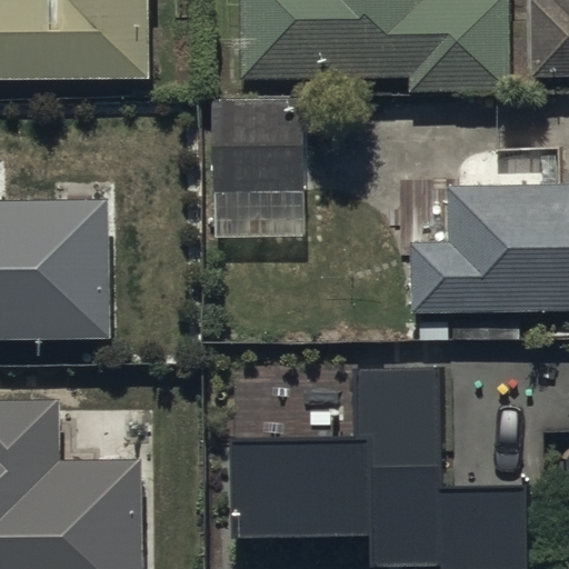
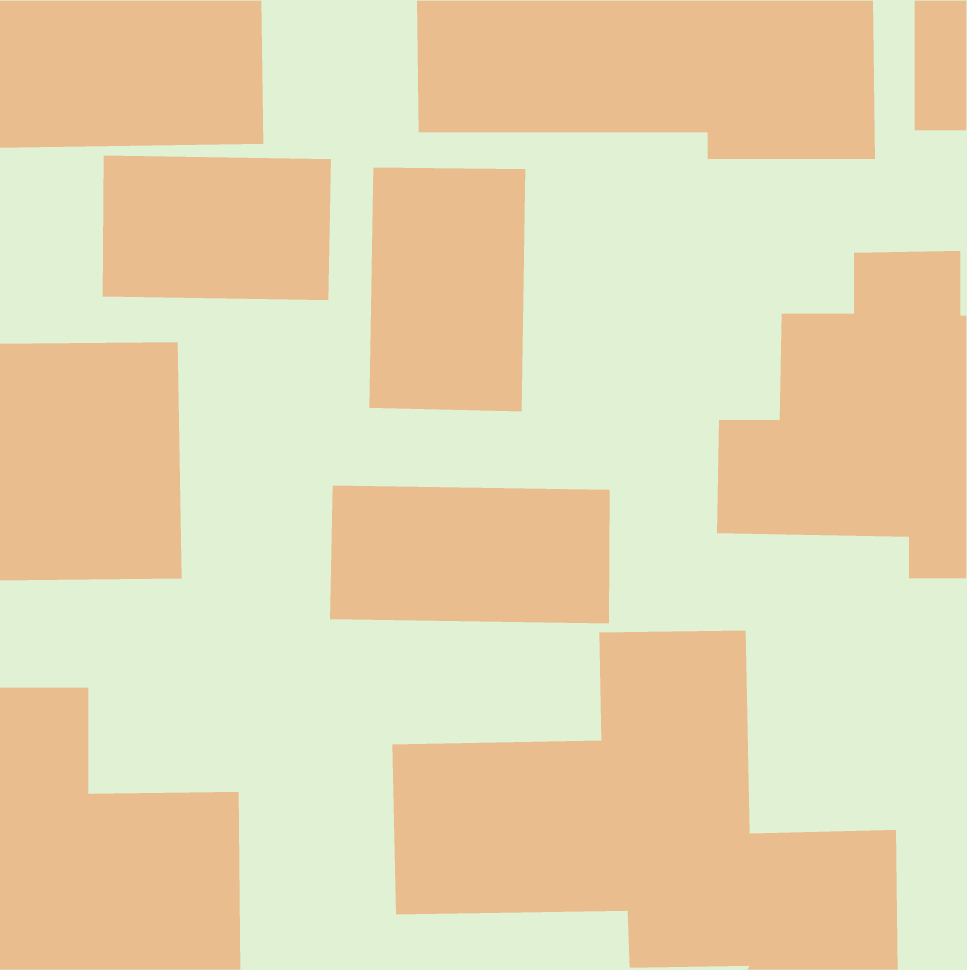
building: none -> [102,155,332,301]
building: none -> [330,485,610,624]

